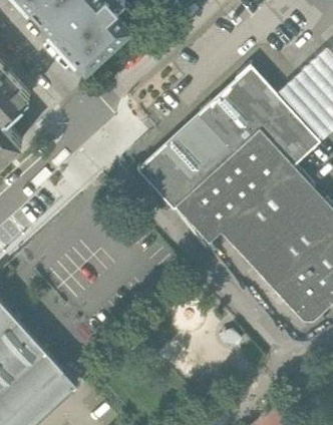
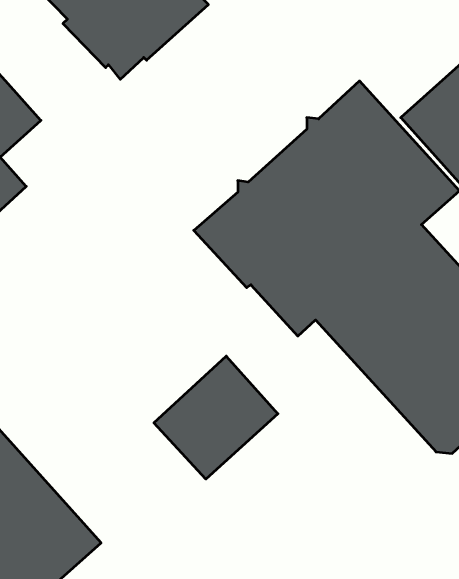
building: none -> [154,356,278,479]

